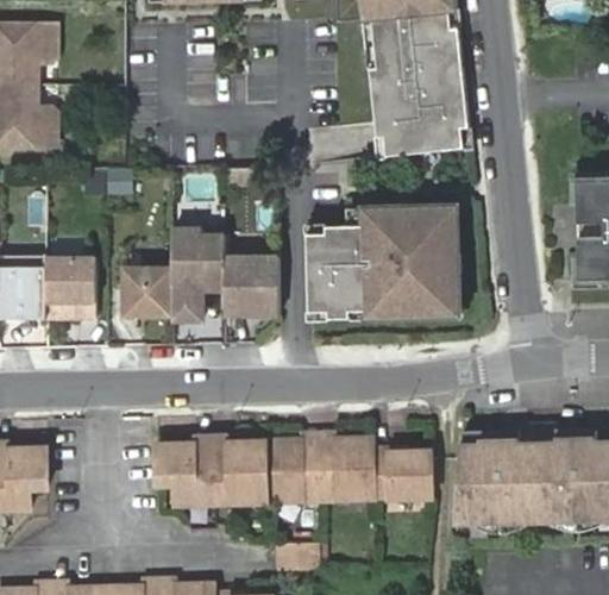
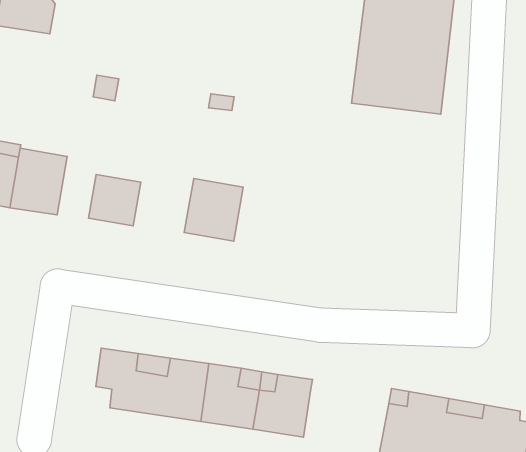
building: [307,209,448,320] -> none
building: [174,230,226,320] -> none
building: [381,451,440,499] -> none

